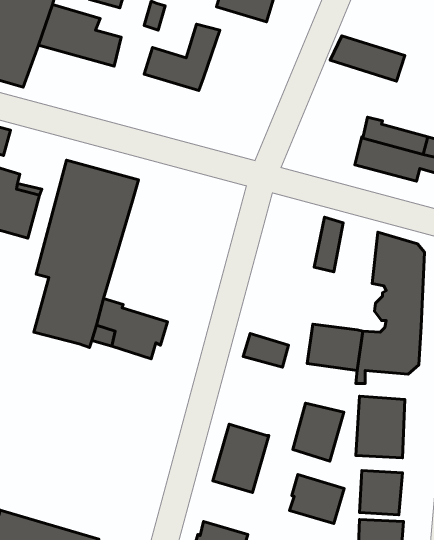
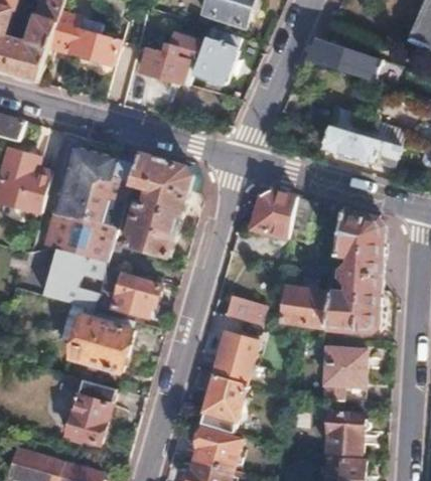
building: none -> [190,27,237,85]
building: none -> [122,151,190,256]
building: none -> [249,188,295,245]
building: none -> [67,305,132,370]
building: [293,403,344,461] -> [212,334,257,384]
building: none -> [63,378,113,443]
building: [290,475,344,523] -> [190,428,238,470]

